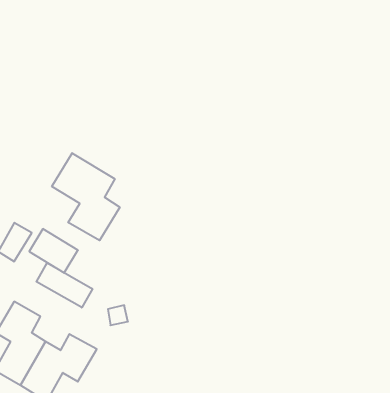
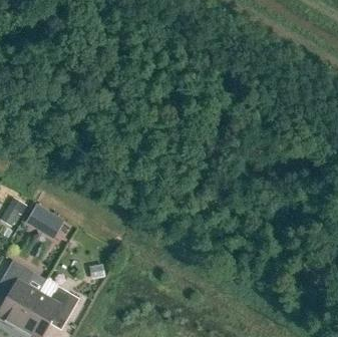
building: [52,153,120,240] -> none
building: [36,263,92,308] -> none

